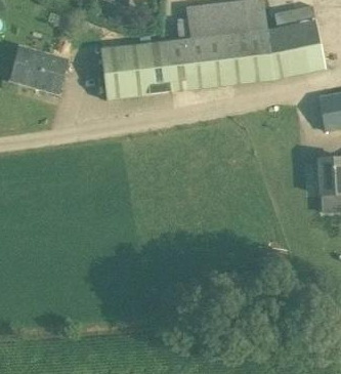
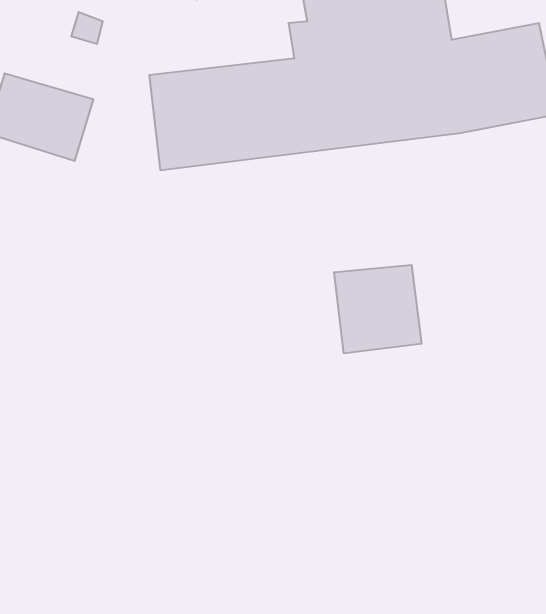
building: none -> [334,265,421,353]

